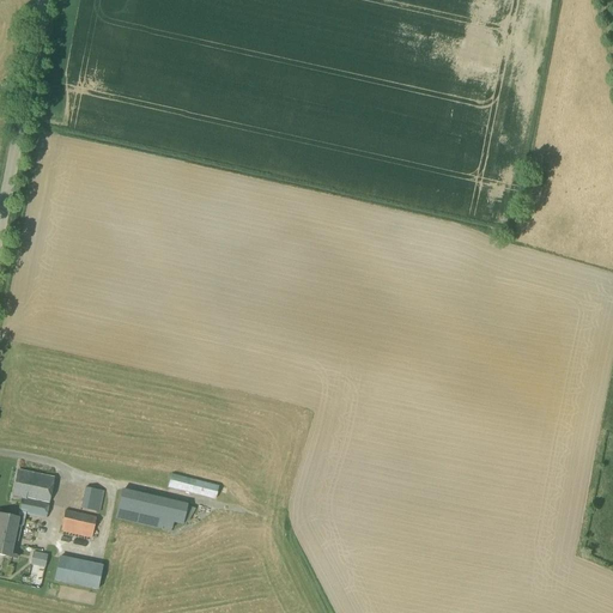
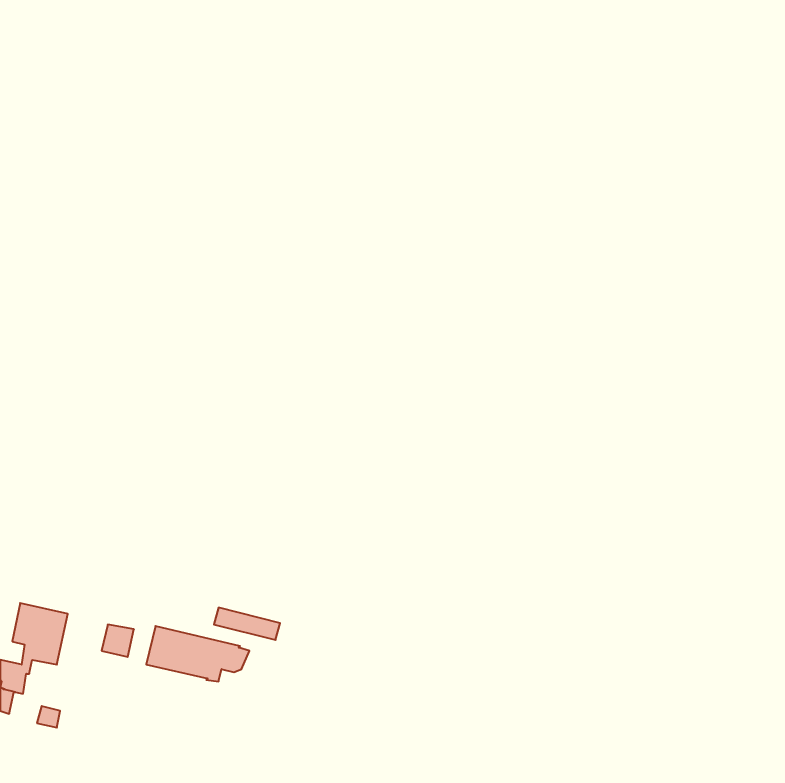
building: [61,509,97,536] -> none
building: [55,554,103,589] -> none

